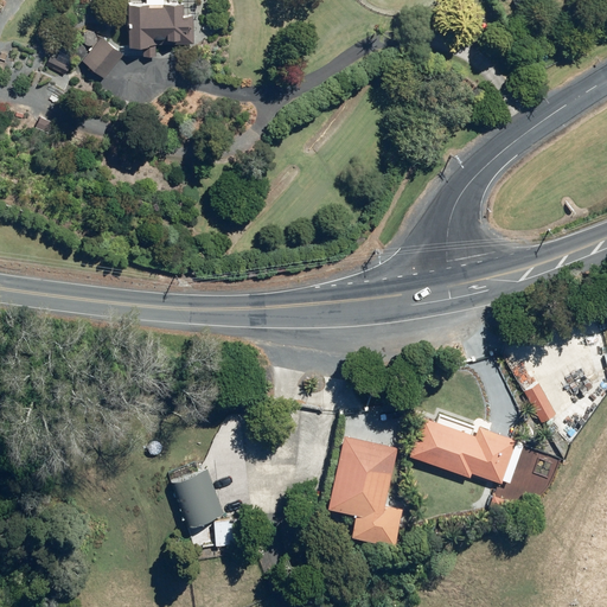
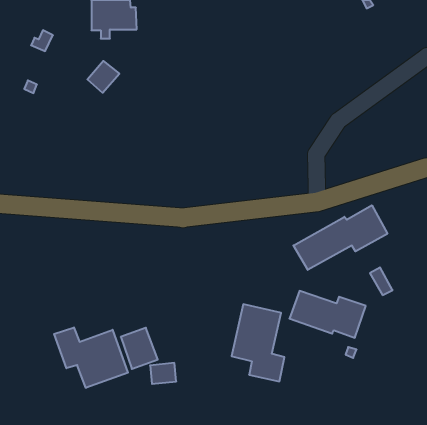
building: [81,36,126,81] -> [87,61,119,93]
building: none -> [293,205,387,270]
building: none -> [54,327,128,388]

